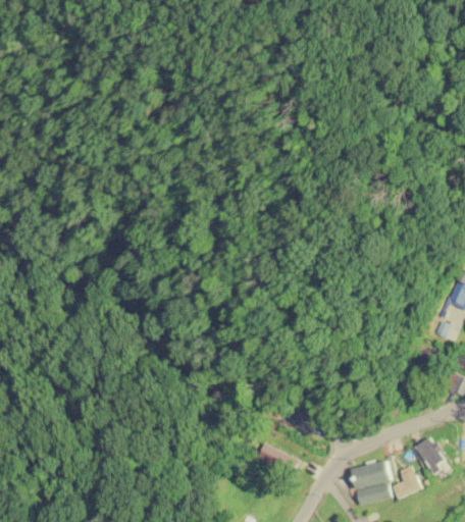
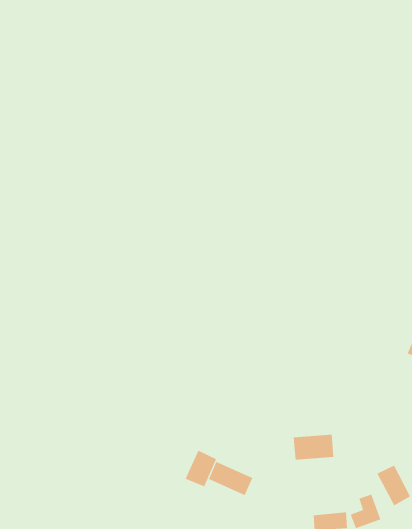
building: none -> [185,450,217,487]
building: [351,462,391,488] -> [293,434,334,460]

